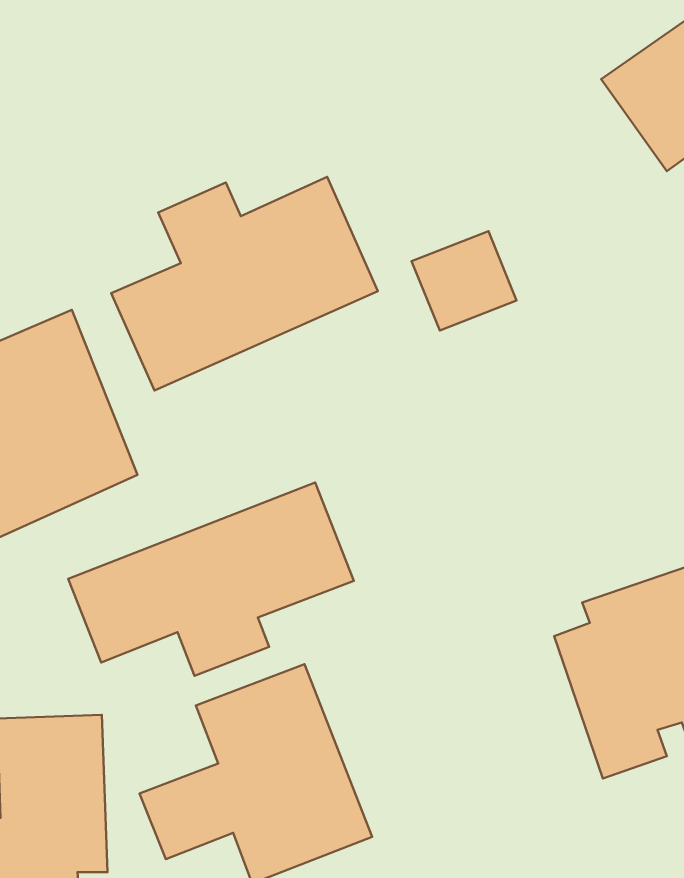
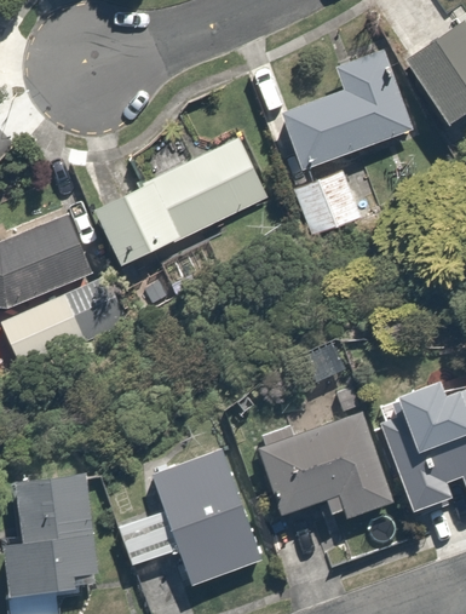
building: none -> [280,44,414,170]
building: [68,483,354,676] -> none
building: none -> [257,411,393,521]

